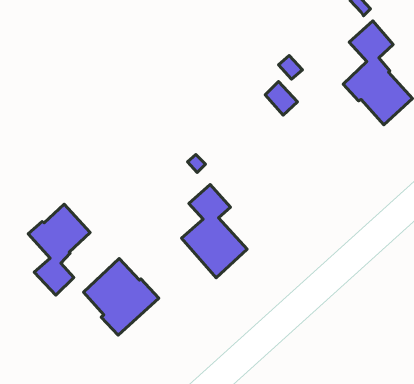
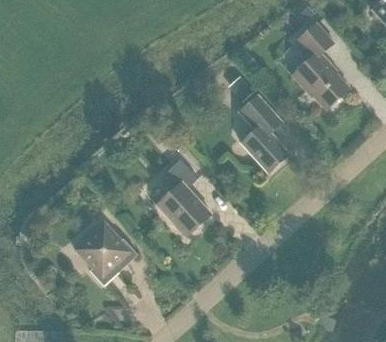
building: none -> [239,94,289,171]
building: [28,204,90,295] -> none

